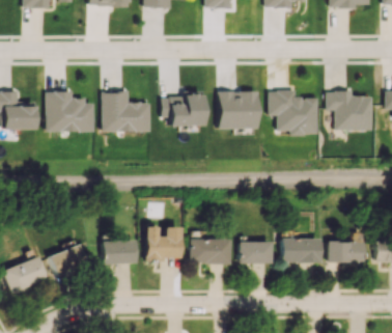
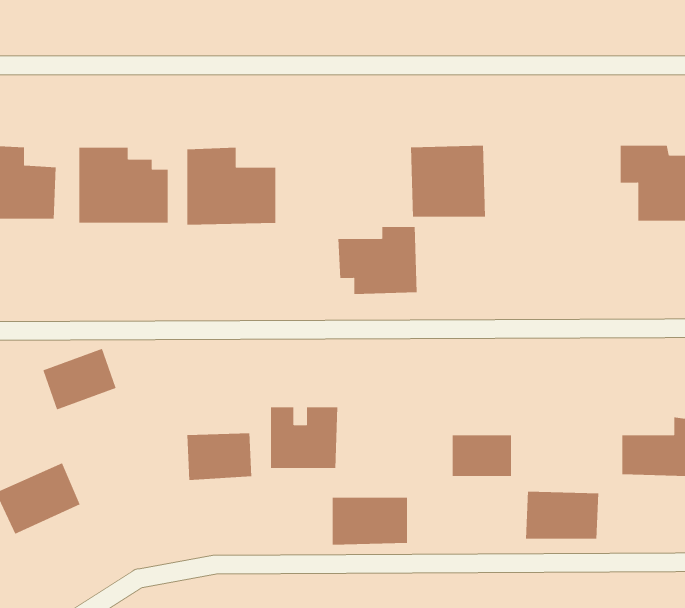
building: [162,91,203,127] -> [338,226,417,294]
building: [270,91,318,136] -> none
building: [282,239,320,263] -> [525,491,599,539]
building: [191,240,230,265] -> [332,497,408,545]
building: [50,245,88,277] -> [43,348,116,410]

